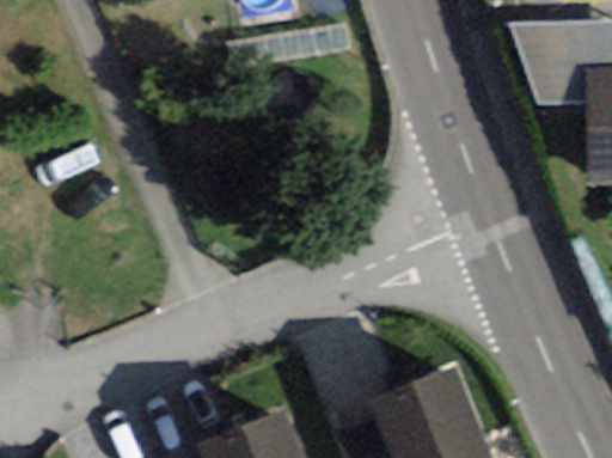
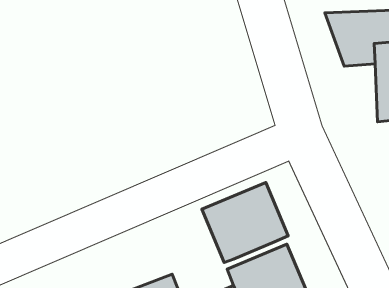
building: none -> [202,183,288,263]

